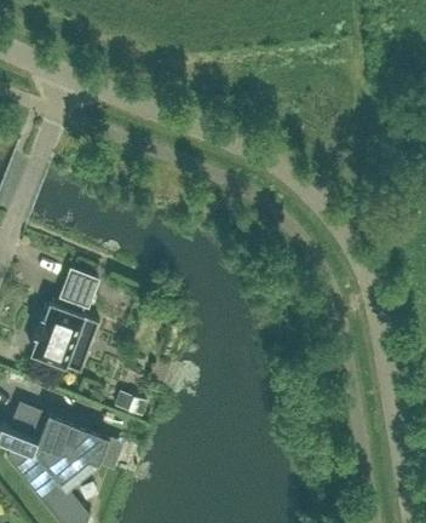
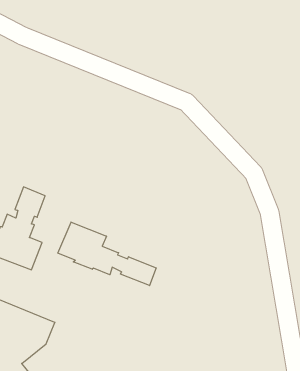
building: none -> [58,222,156,286]

